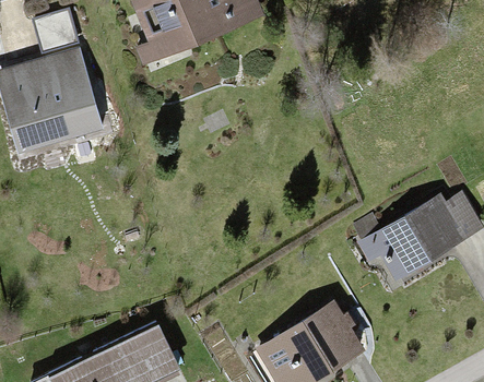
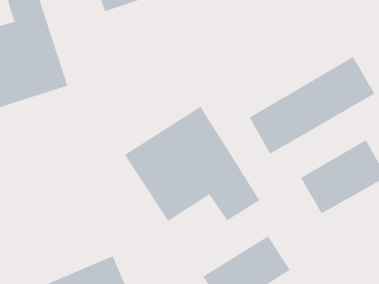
building: none -> [249,56,375,154]
building: none -> [124,106,260,222]

